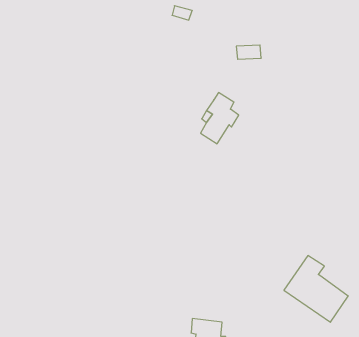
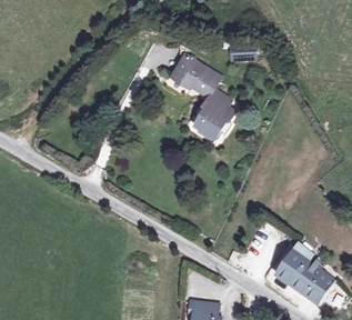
building: none -> [171,53,220,97]

